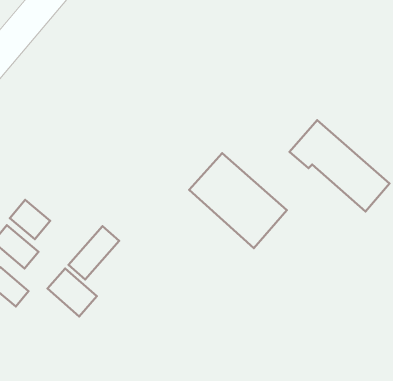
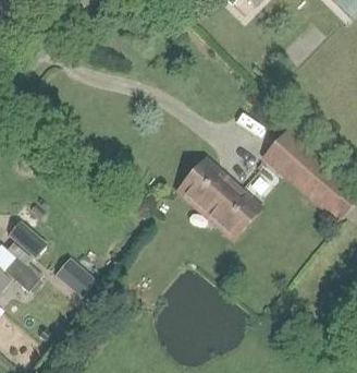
building: [10,200,50,239] -> none
building: [69,226,119,279] -> none

